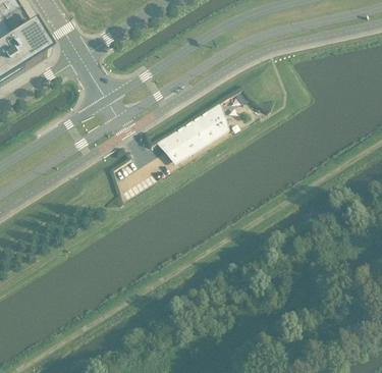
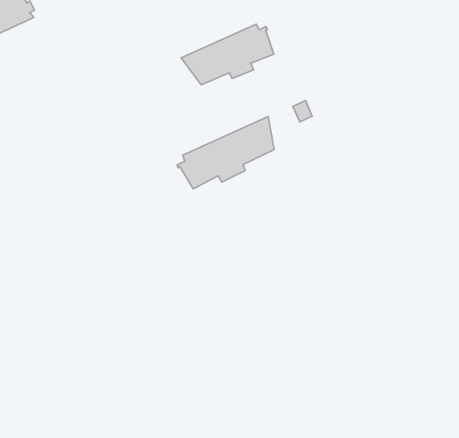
building: none -> [181,24,274,85]

